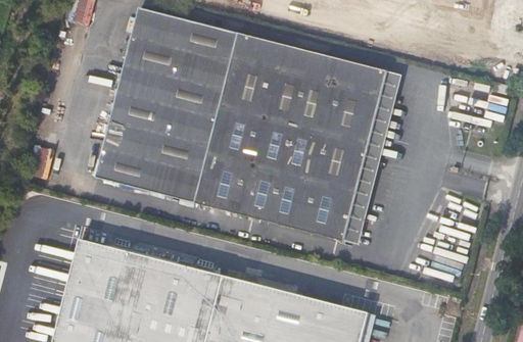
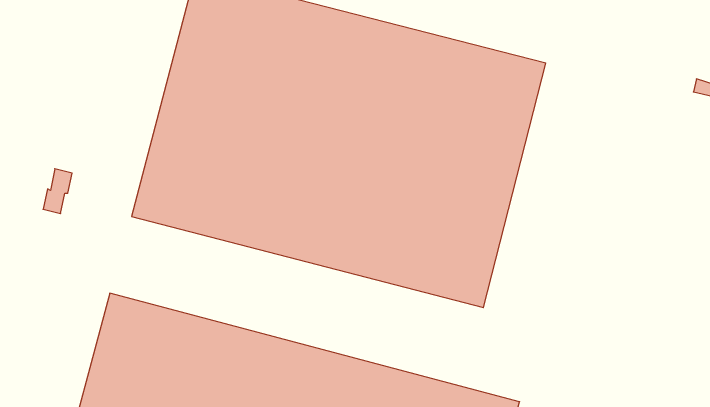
building: [342,70,401,246] -> none

